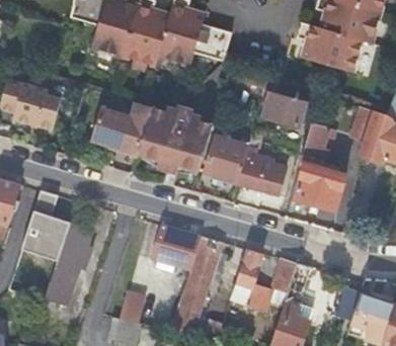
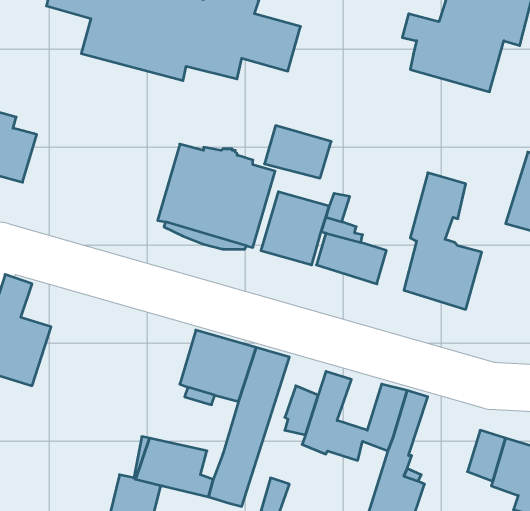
building: [263,93,306,126] -> [264,126,331,178]
building: [91,102,153,156] -> none
building: [46,223,91,305] -> none

